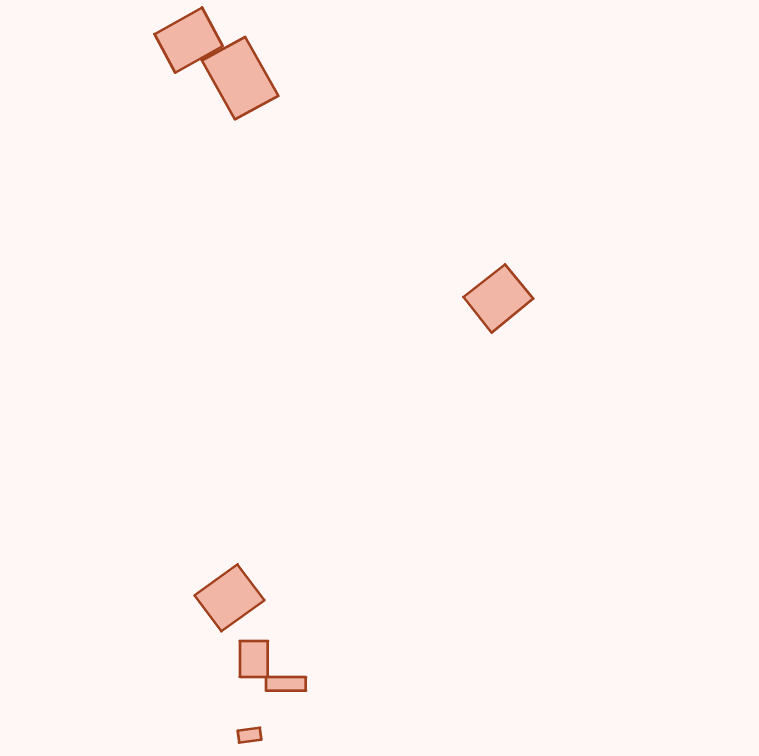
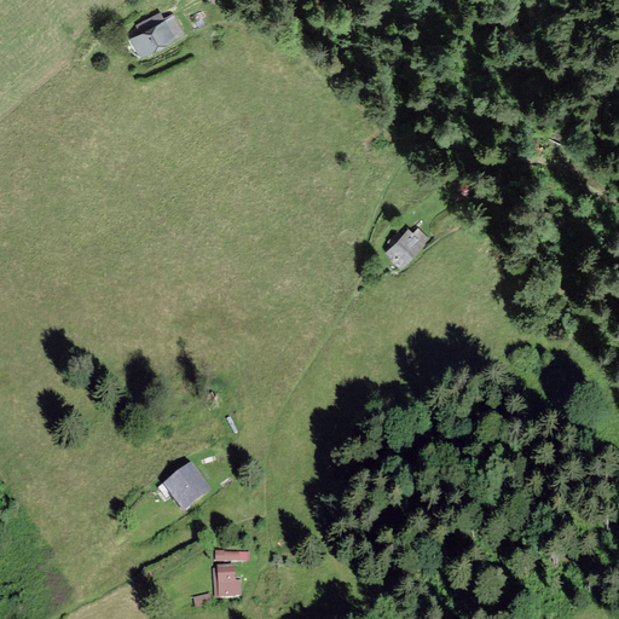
building: [202,37,278,119] -> none
building: [240,641,268,677] -> [214,567,237,596]

